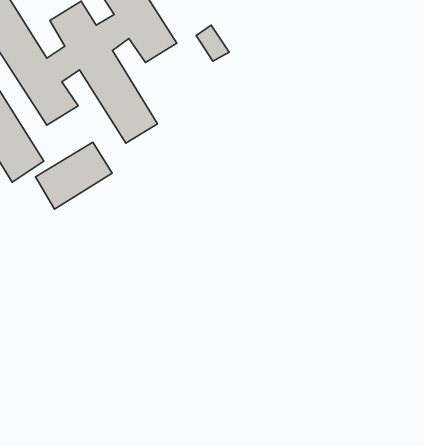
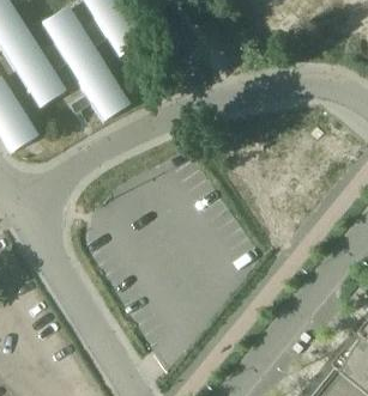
building: [36,142,112,209] -> none

